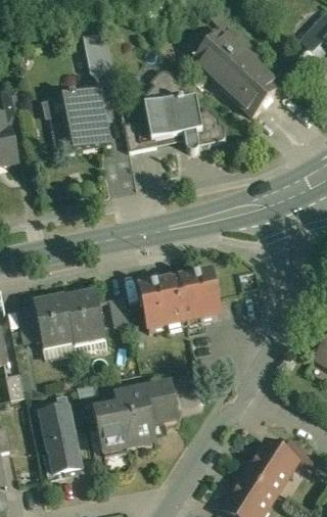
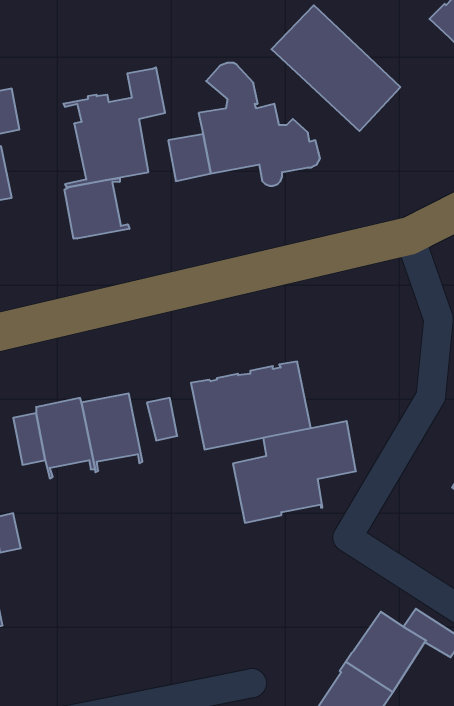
building: [84,30,113,76] -> none
building: none -> [65,178,129,239]
building: [95,383,178,452] -> [233,421,356,523]
building: [40,405,81,473] -> none

